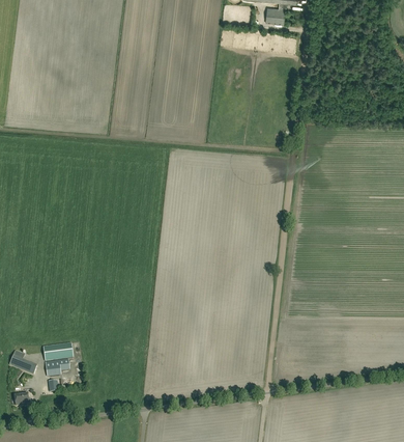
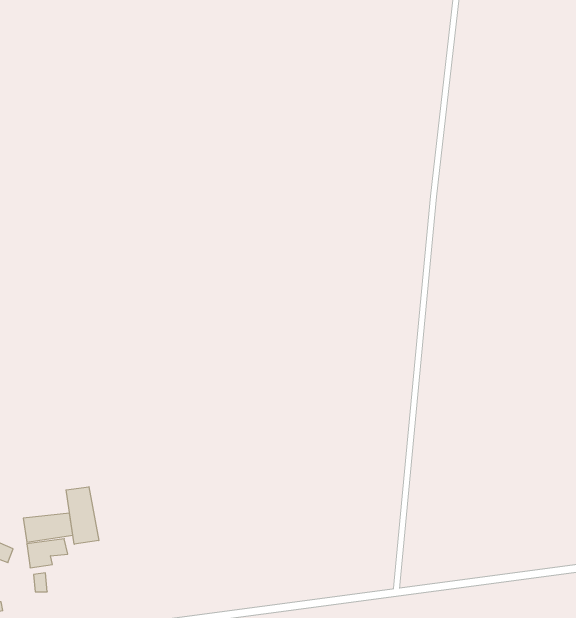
building: none -> [66,487,99,544]

